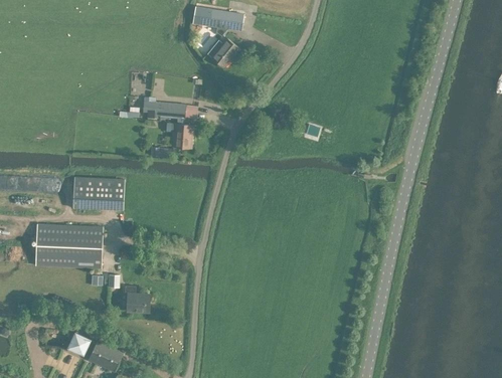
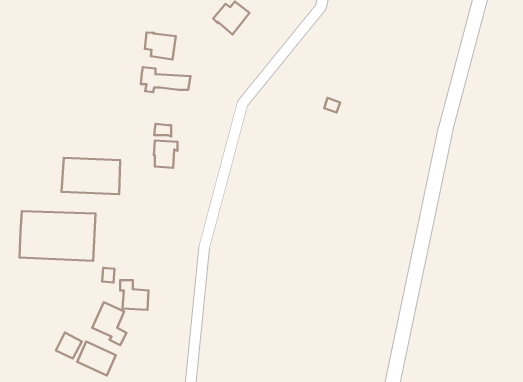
building: none -> [145,32,176,59]
building: [171,124,192,148] -> [154,141,178,168]
building: none -> [92,302,127,345]

